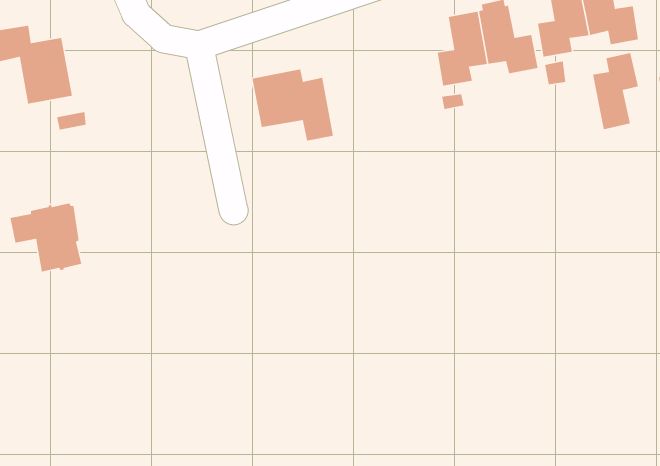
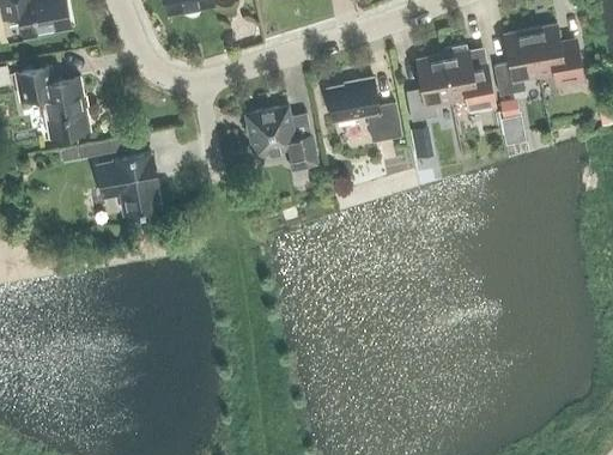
building: none -> [326,78,401,141]
building: [592,52,639,130] -> none
building: [9,202,82,273] -> [96,153,159,214]

